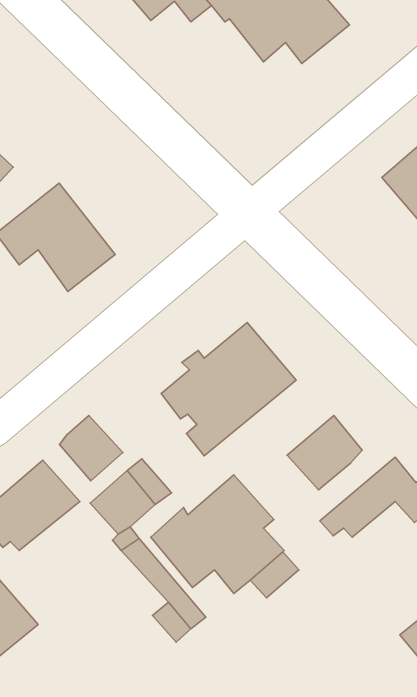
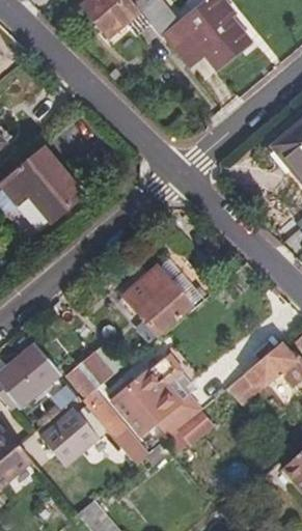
building: [59,415,123,481] -> none
building: [287,416,362,490] -> none
building: none -> [38,408,94,463]

